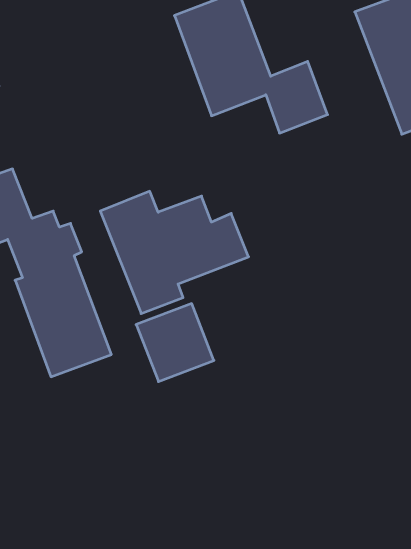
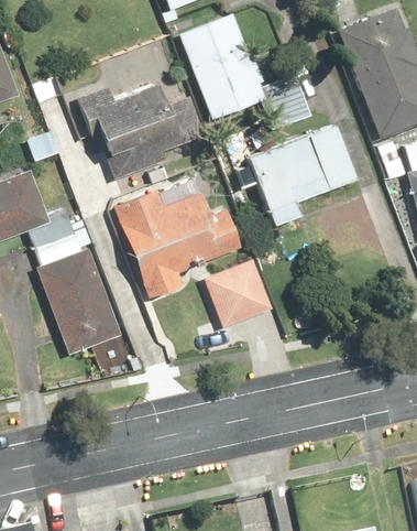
building: none -> [78,83,207,182]
building: none -> [246,124,358,226]
building: [136,304,214,382] -> [204,258,273,327]

